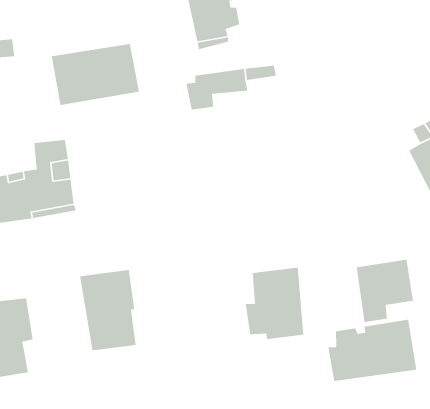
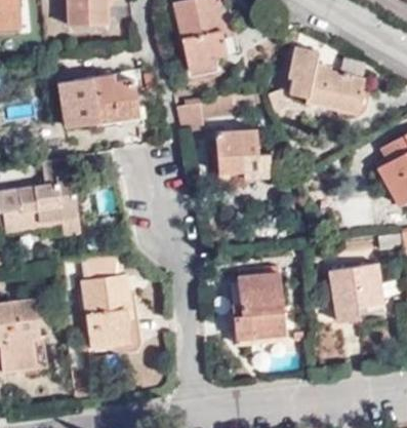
building: none -> [288,47,362,113]
building: none -> [214,128,271,181]
building: [327,319,417,382] -> none

